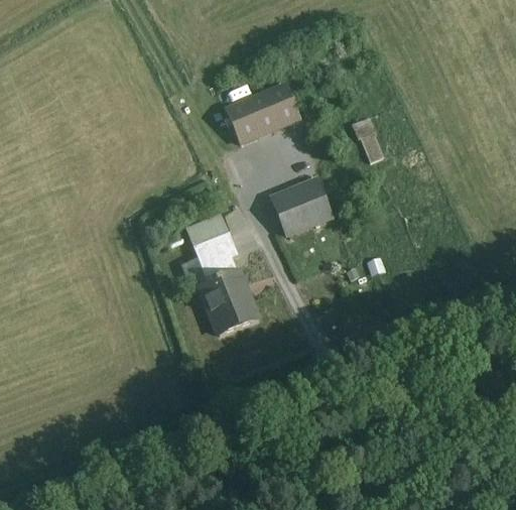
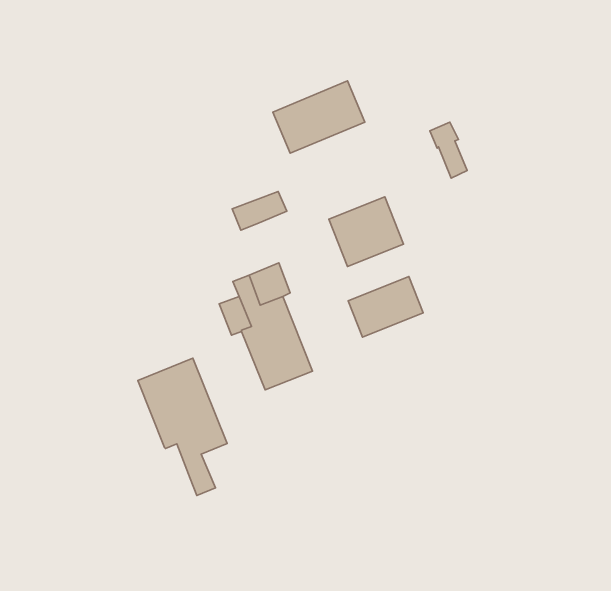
building: [186,215,231,246] -> [232,191,287,230]
building: none -> [348,277,423,337]
building: none -> [138,358,227,496]

